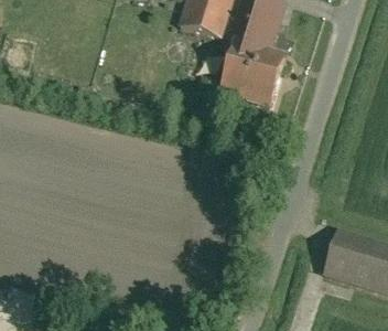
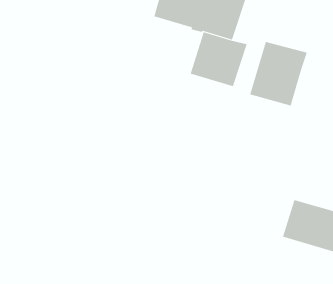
building: none -> [250,41,307,107]

